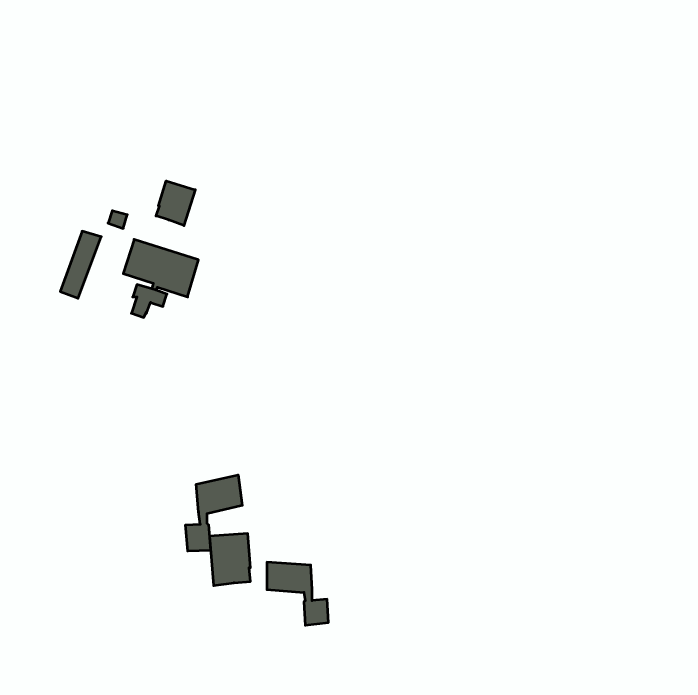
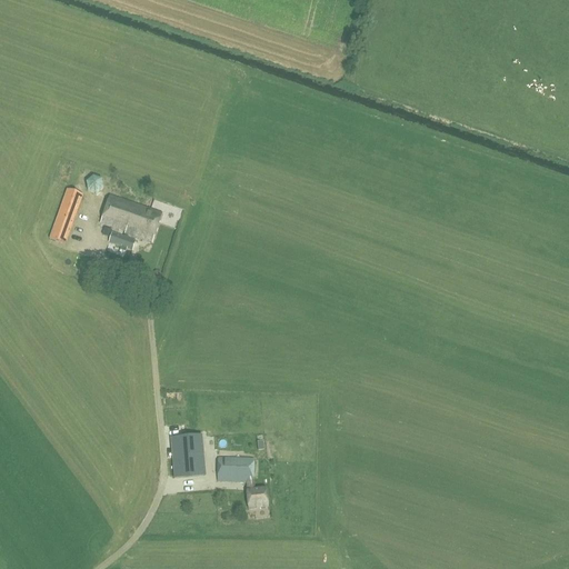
building: [156,181,195,226] -> none
building: [186,475,242,551] -> none

